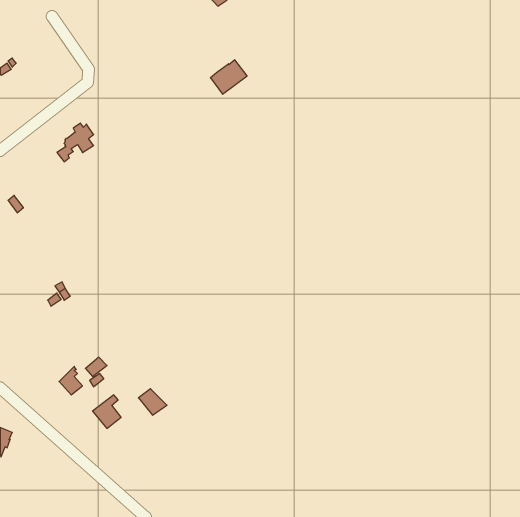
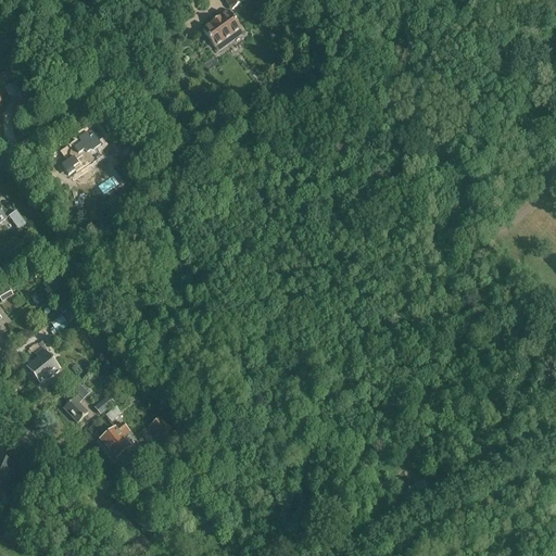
building: [210,60,247,94] -> [202,9,241,46]
building: none -> [26,346,59,383]

